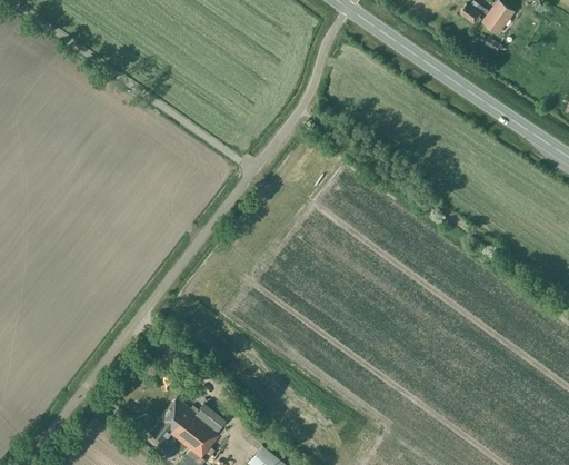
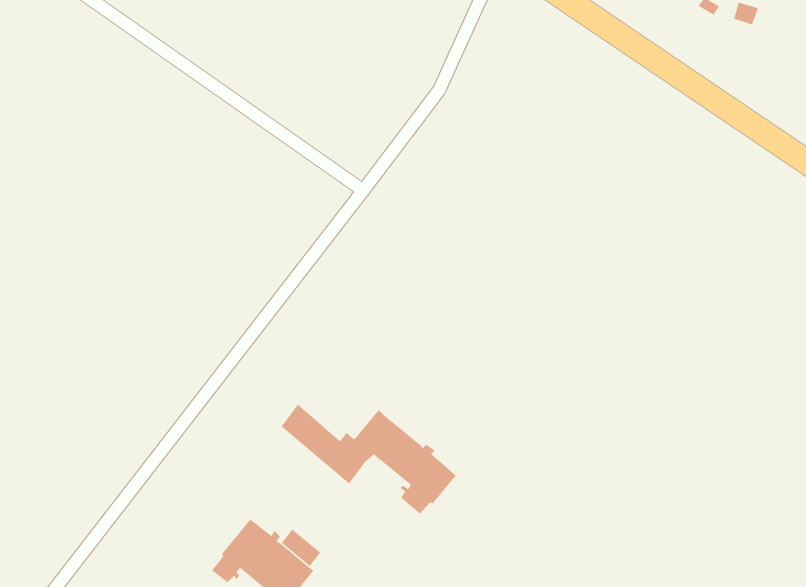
building: none -> [281,404,457,515]

